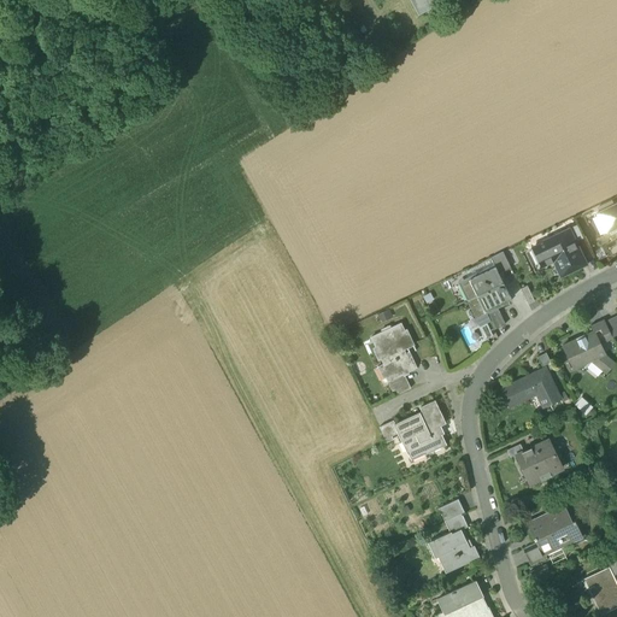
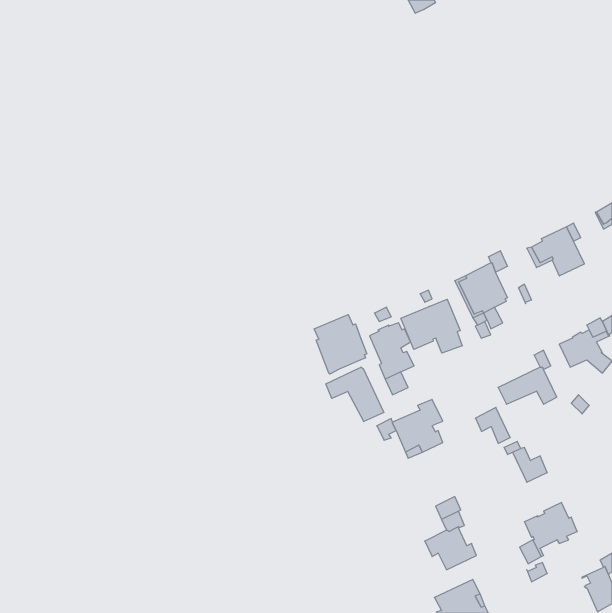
building: none -> [401,299,462,353]
building: none -> [314,315,367,374]
building: none -> [326,367,384,422]
building: [527,439,562,475] -> [475,407,510,443]

